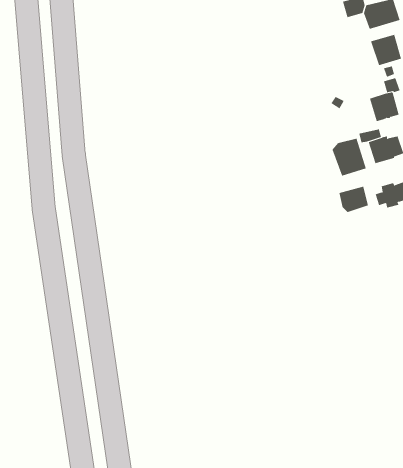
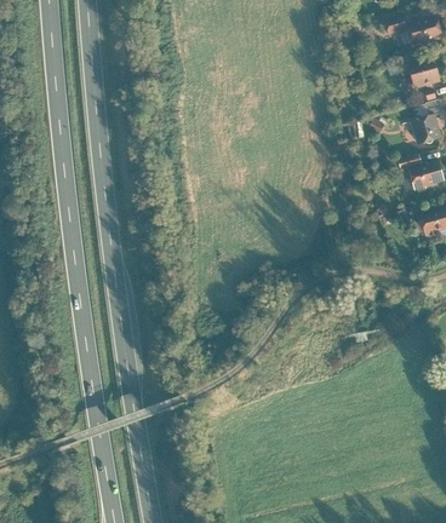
building: [332,138,367,176] -> none
building: [339,186,369,213] -> none

